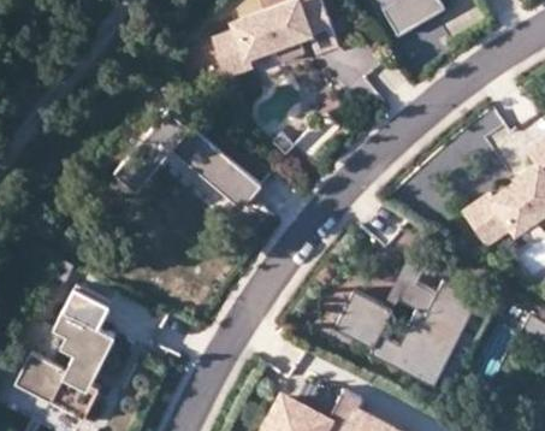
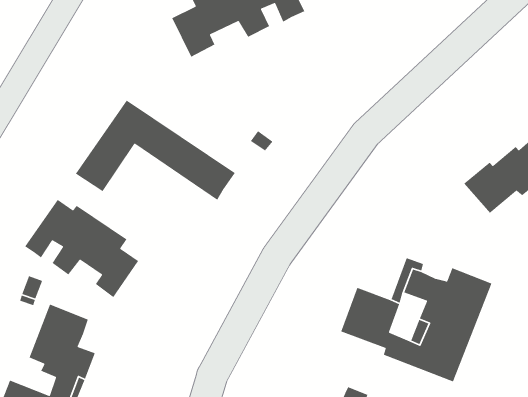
building: none -> [24,199,139,298]

